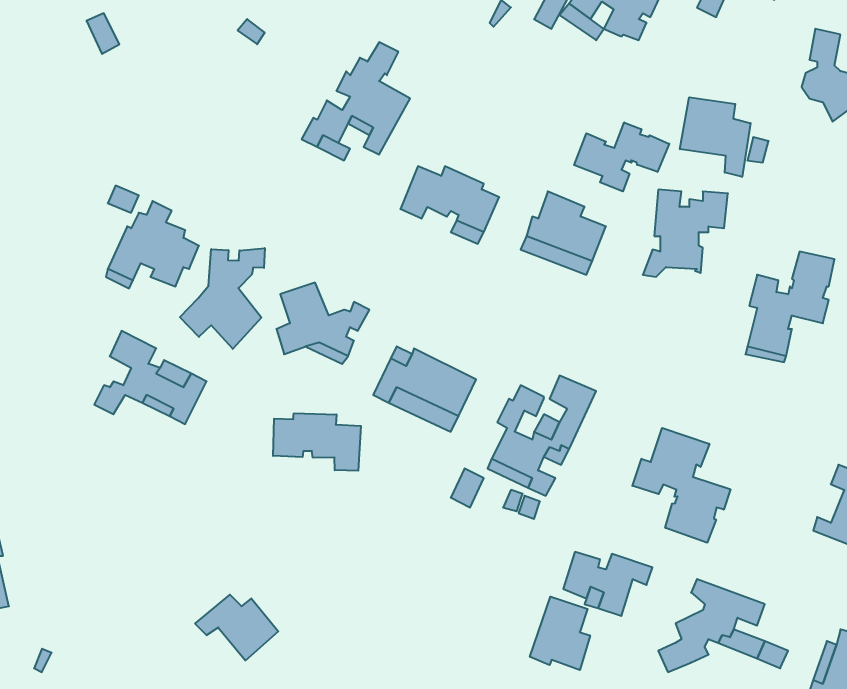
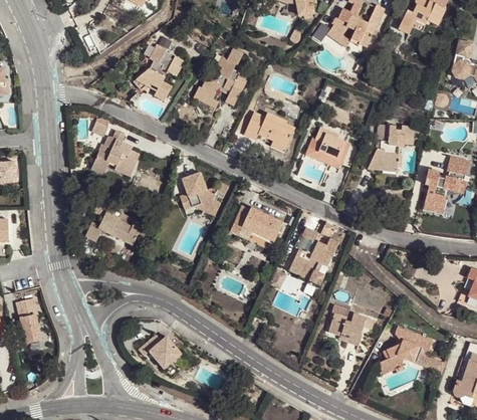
building: none -> [130,44,184,100]
building: [680,97,751,177] -> none
building: [574,122,669,191] -> none
building: [180,248,265,349] -> none
building: [273,413,361,471] -> none
building: [632,428,730,543] -> none
building: [530,597,590,670] -> none

